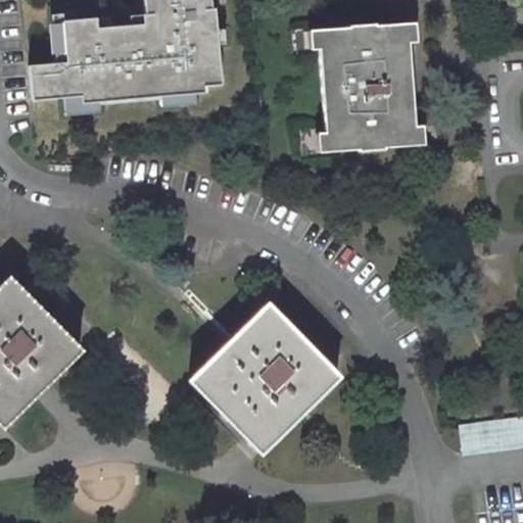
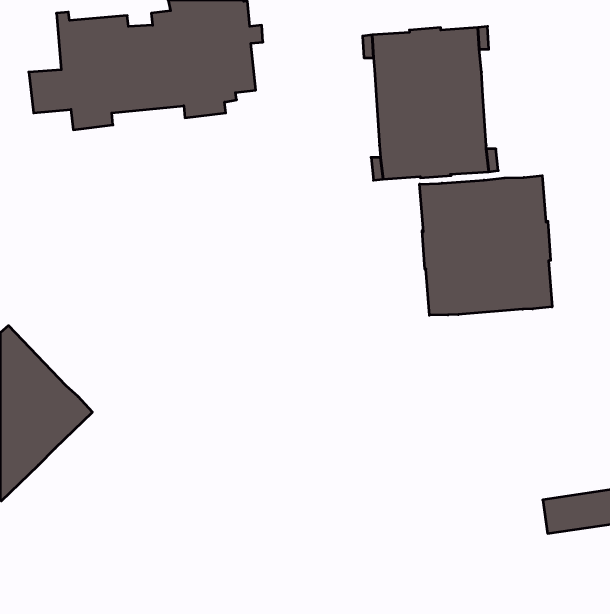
building: none -> [420,176,552,315]
building: [188,303,341,457] -> none

